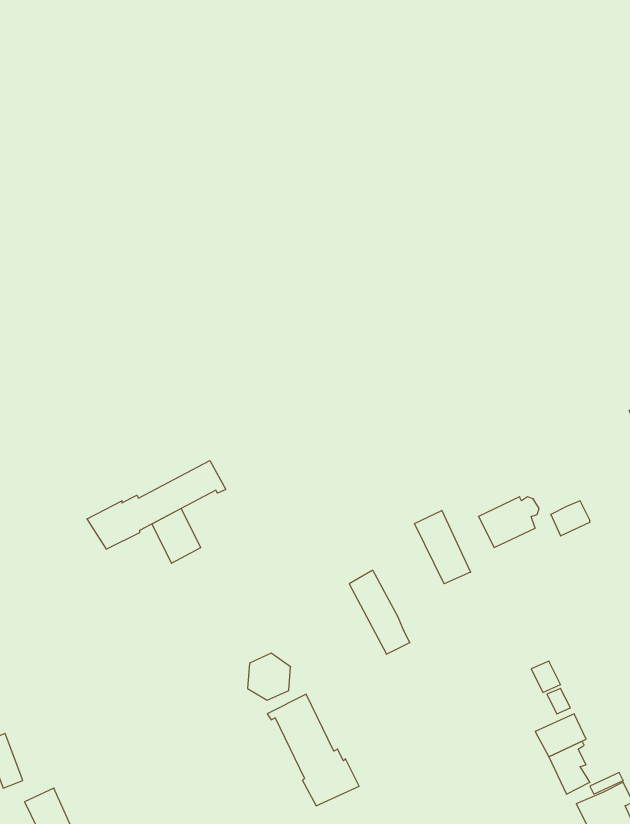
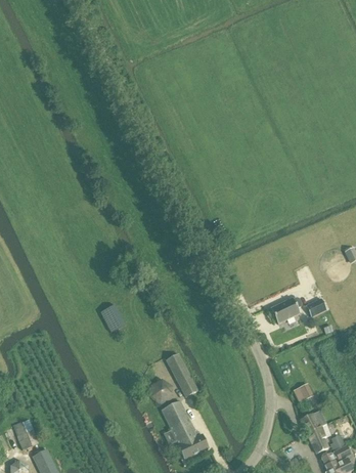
building: [87,461,226,549] -> none
building: [414,510,471,584] -> none
building: [349,570,410,654] -> [166,352,197,396]

